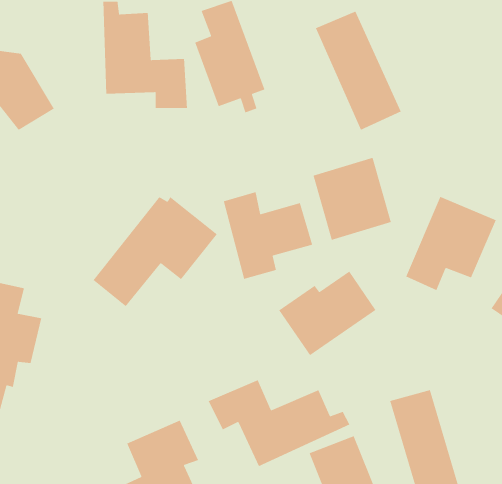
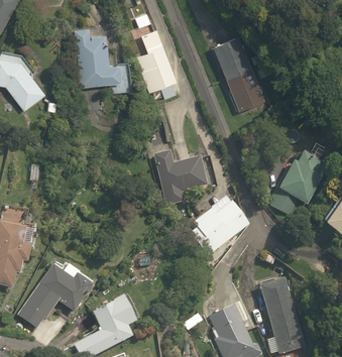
building: [313,157,392,241] -> none
building: [93,196,218,307] -> [15,259,95,330]
building: [208,379,350,467] -> none

